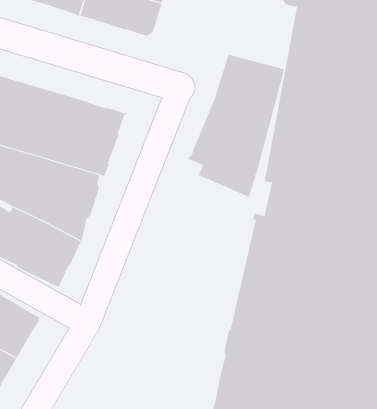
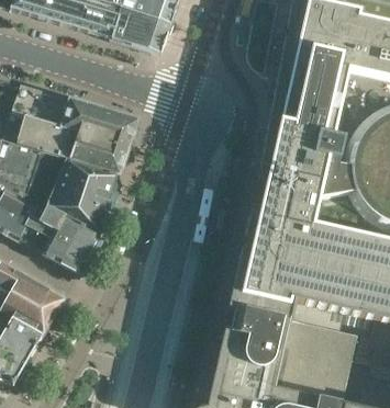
building: [187,54,285,198] -> none

